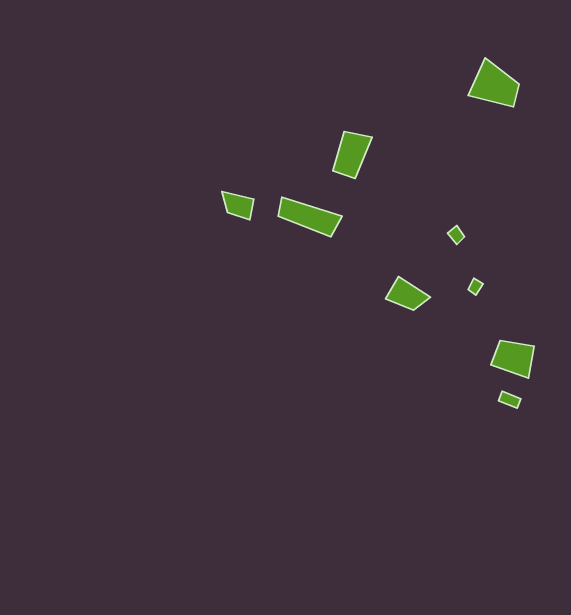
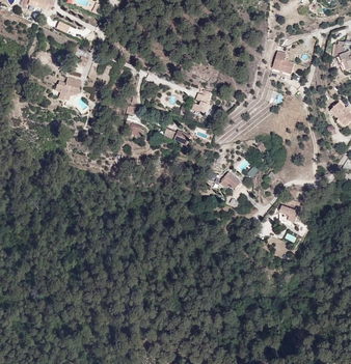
building: none -> [54,75,81,103]

